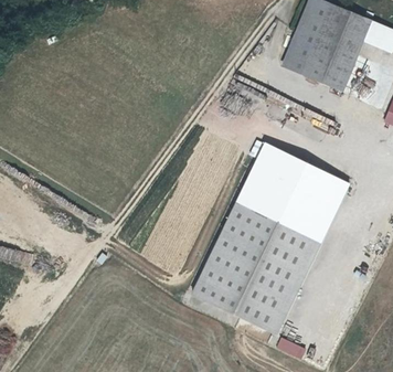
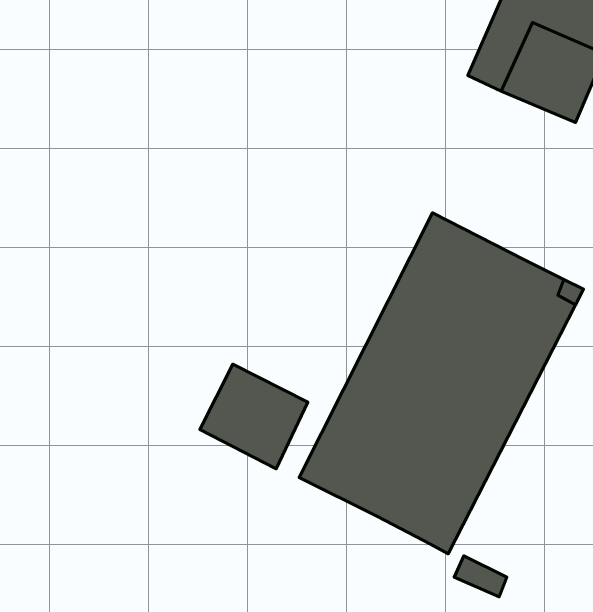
building: none -> [200,364,308,469]

